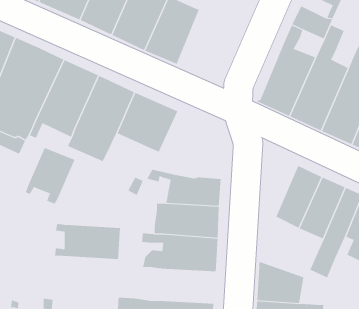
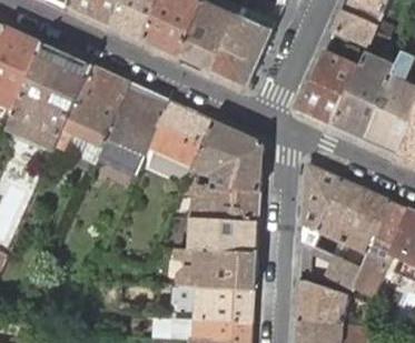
building: none -> [213,14,271,88]
building: none -> [194,121,263,192]
building: [25,147,75,204] -> none
building: none -> [302,164,339,232]
building: [54,224,121,259] -> [184,285,254,323]
building: none -> [299,241,360,291]

